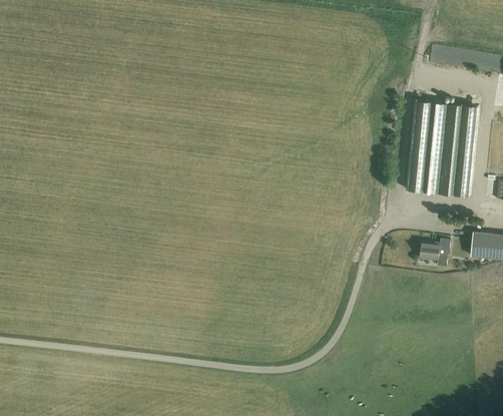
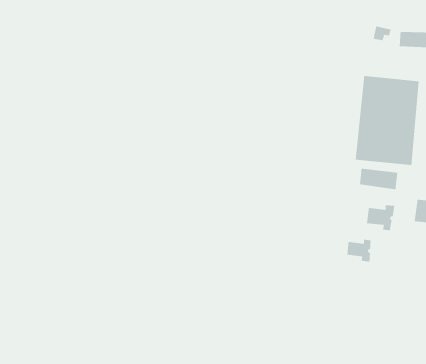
building: none -> [359,168,398,190]
building: none -> [347,239,371,262]

